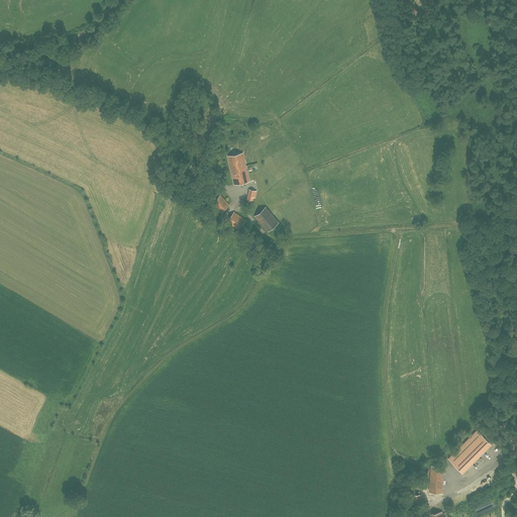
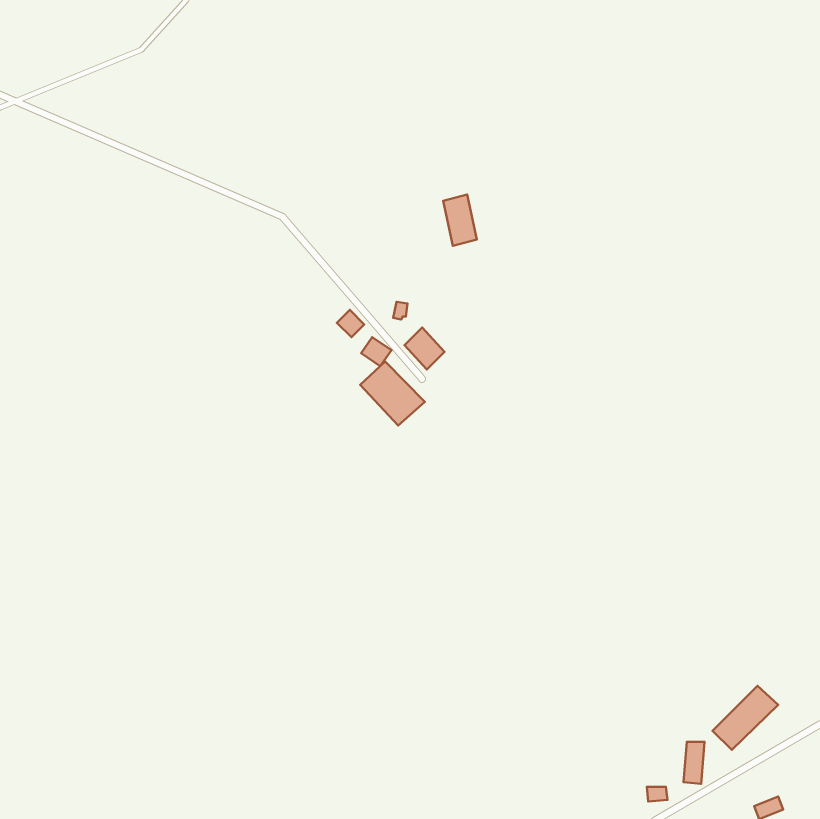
building: [228,153,249,186] -> [443,195,477,246]
building: none -> [360,362,425,425]

